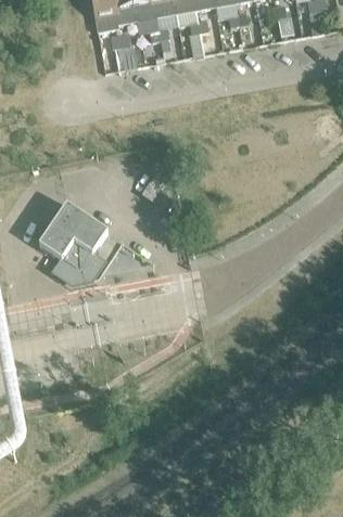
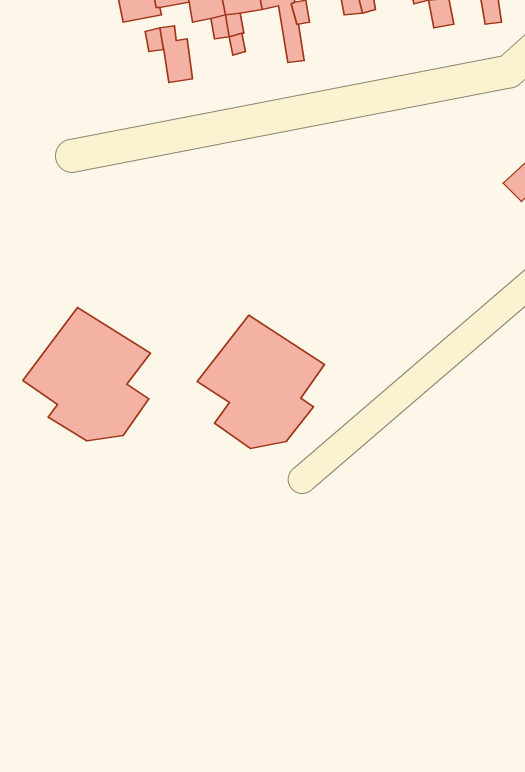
building: none -> [197,315,325,448]

